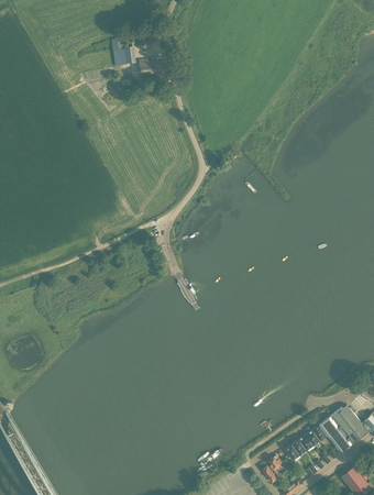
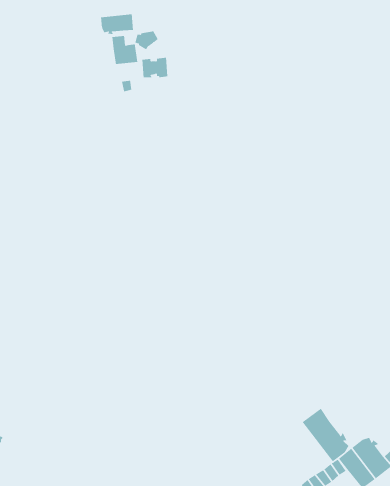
building: none -> [100,14,134,35]
building: none -> [302,408,349,462]

